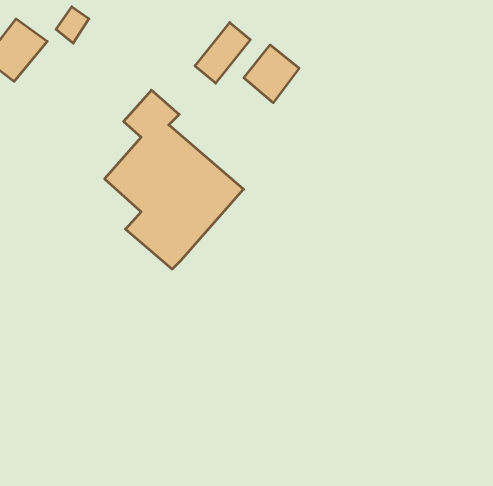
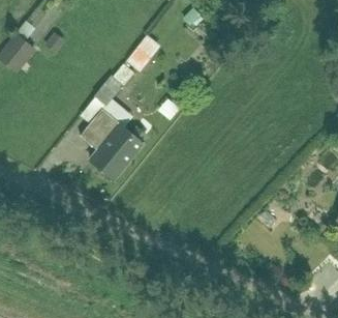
building: [244,45,299,103] -> none

